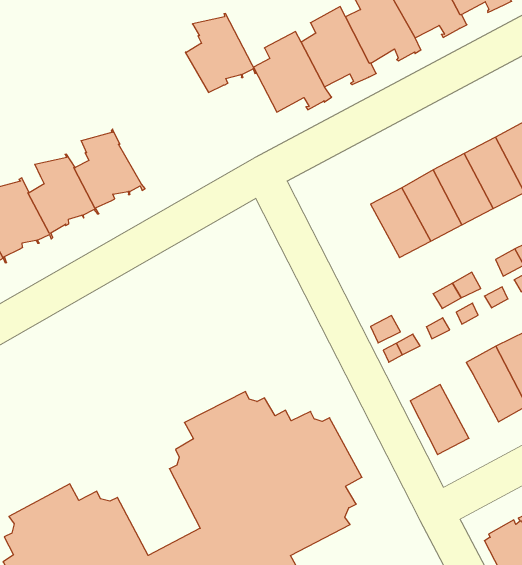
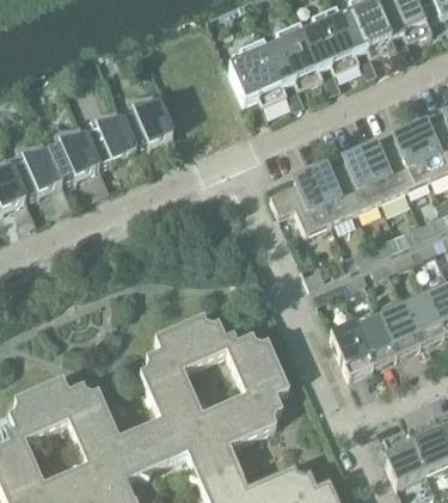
building: [185,14,256,92] -> [122,91,176,151]
building: none -> [271,179,332,234]
building: none -> [356,317,399,366]

